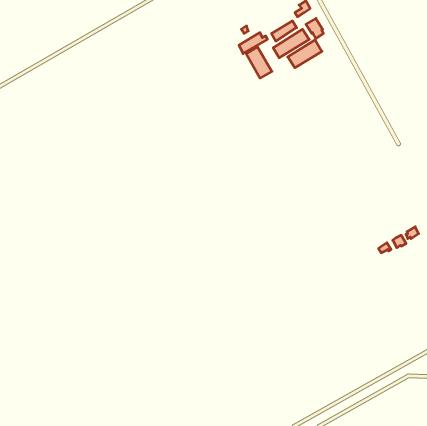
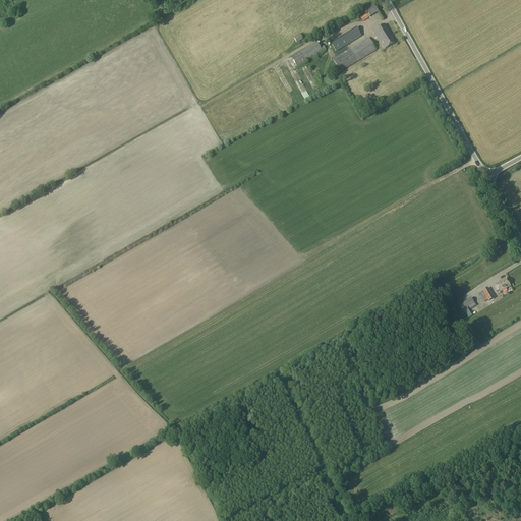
building: [288,40,322,68] -> none
building: [246,47,272,78] -> none

